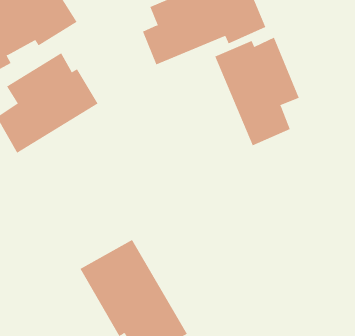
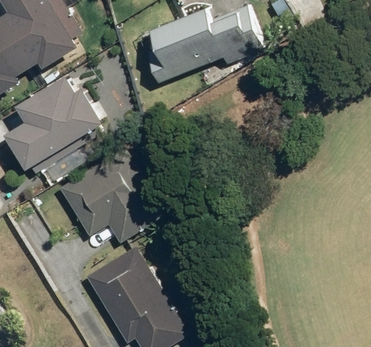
building: [215,37,299,146] -> none
building: none -> [56,149,159,245]

